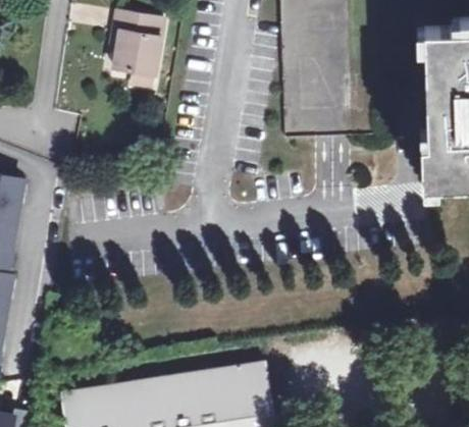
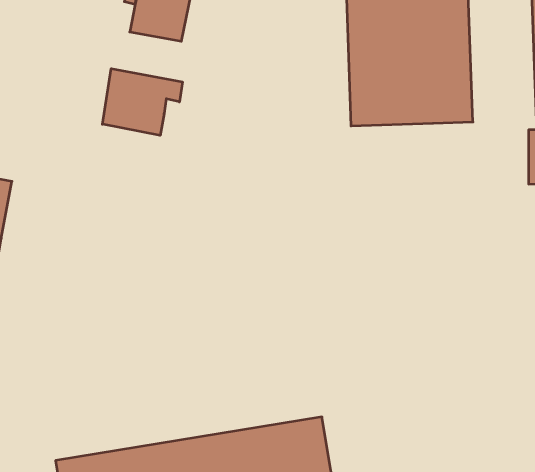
building: none -> [102,69,182,135]

